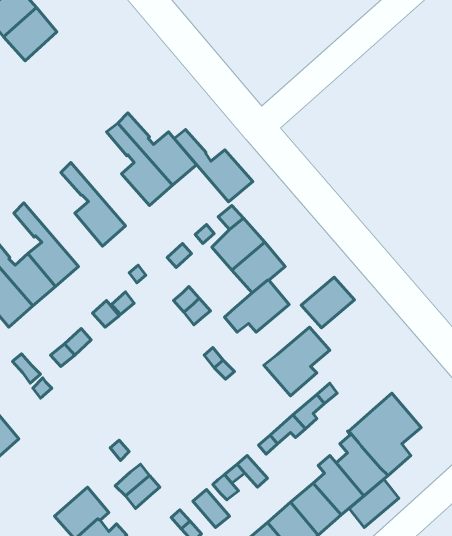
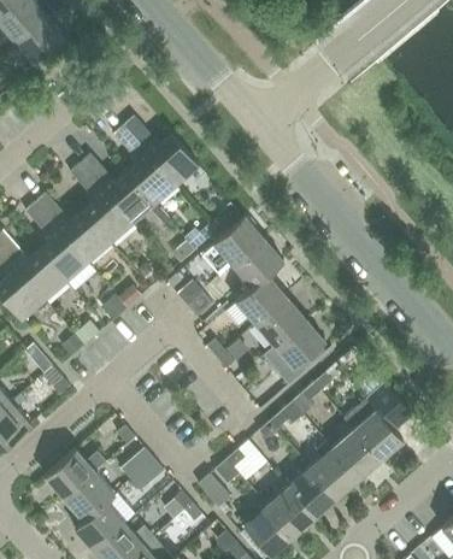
building: [174,129,253,202] -> [80,155,154,224]
building: none -> [35,194,110,263]
building: [301,277,355,328] -> [255,299,306,347]
building: none -> [45,451,106,500]
building: [349,479,399,528] -> none

